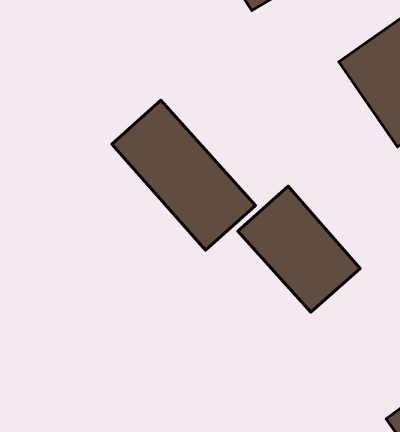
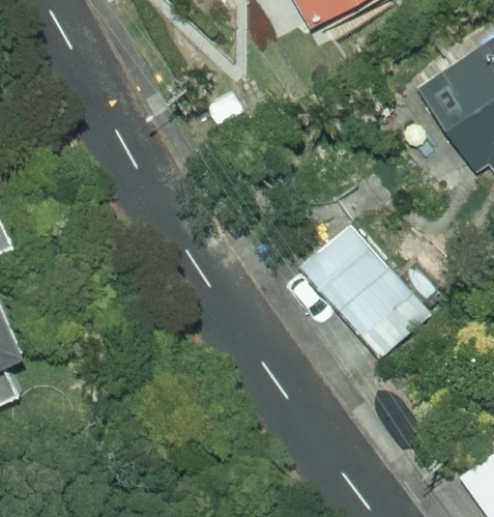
building: [112,100,255,250] -> none

